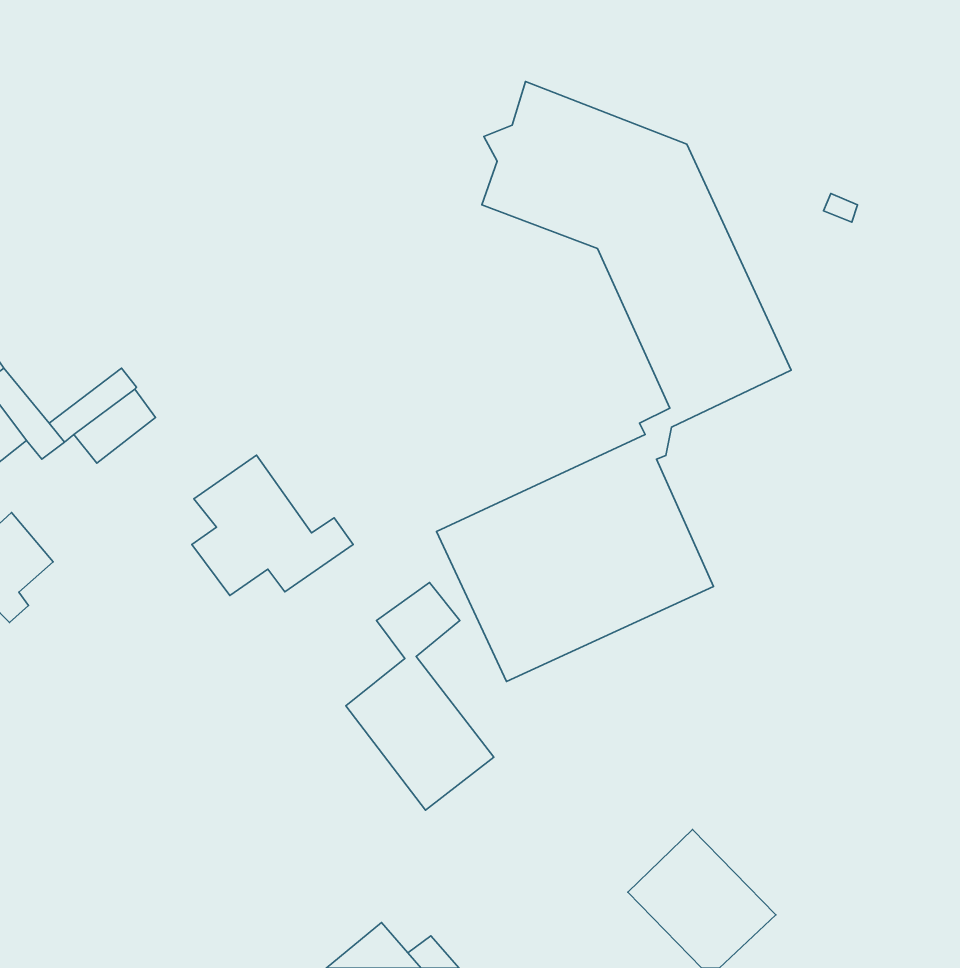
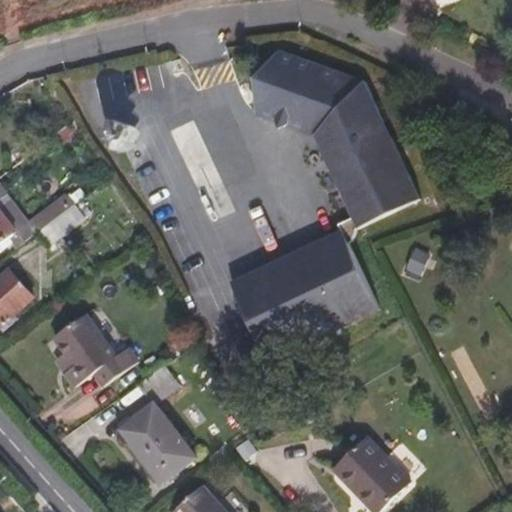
building: [192,455,353,596] -> [51,314,136,388]
building: [346,582,494,810] -> [117,365,195,485]

